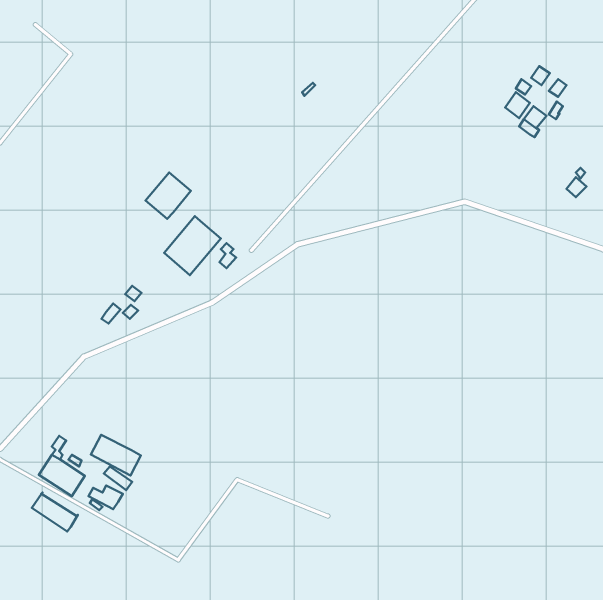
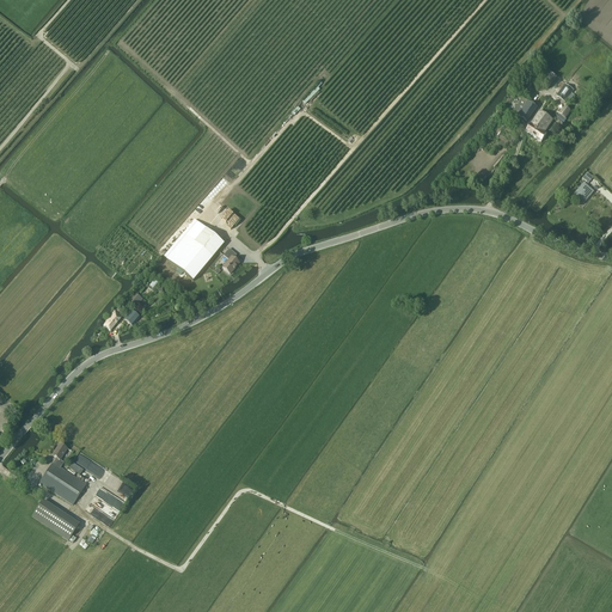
building: [145,172,191,219] -> none
building: [91,435,141,475] -> none

